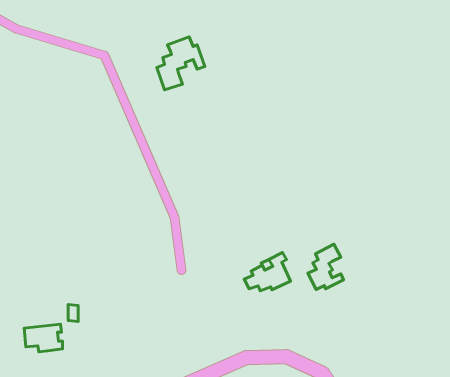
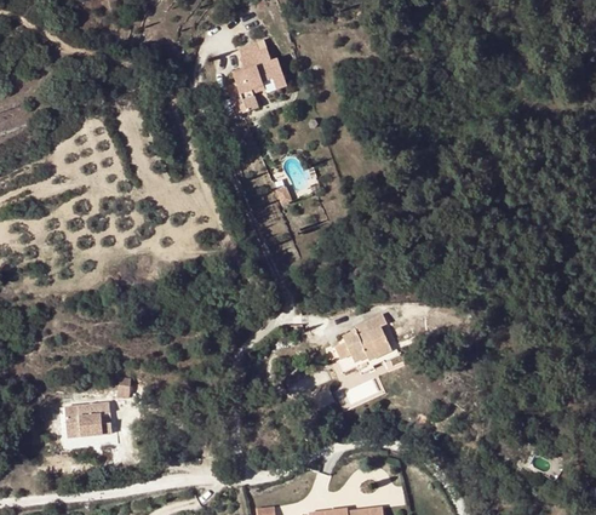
building: [308,244,344,289] -> none

